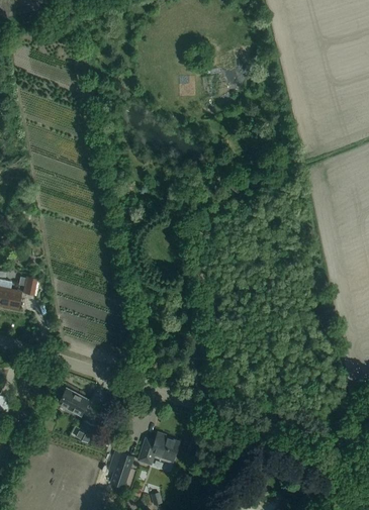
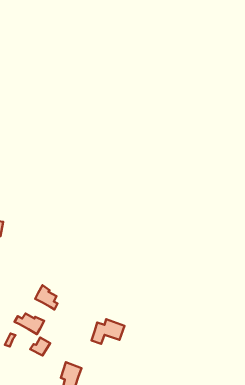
building: none -> [35,285,58,309]
building: [140,434,180,465] -> [91,319,124,344]

